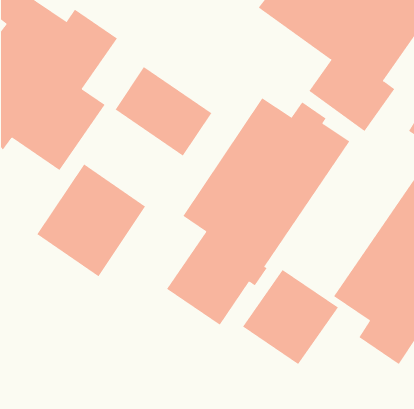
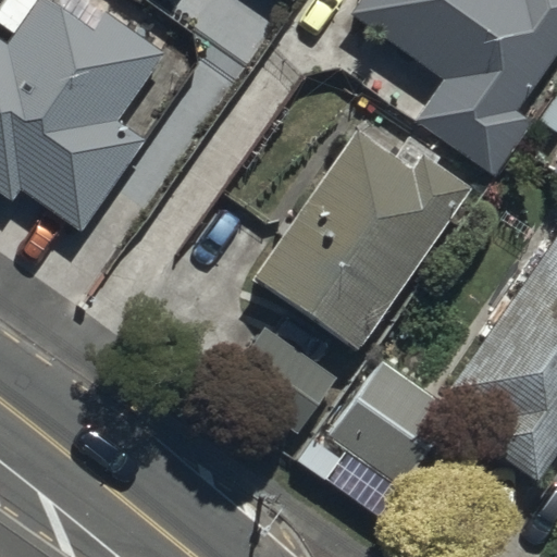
building: [115,66,212,156] -> none
building: [37,163,146,277] -> none

